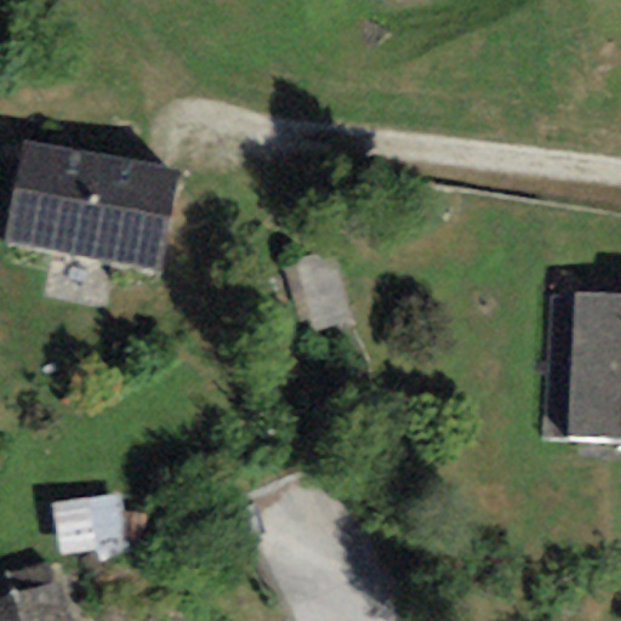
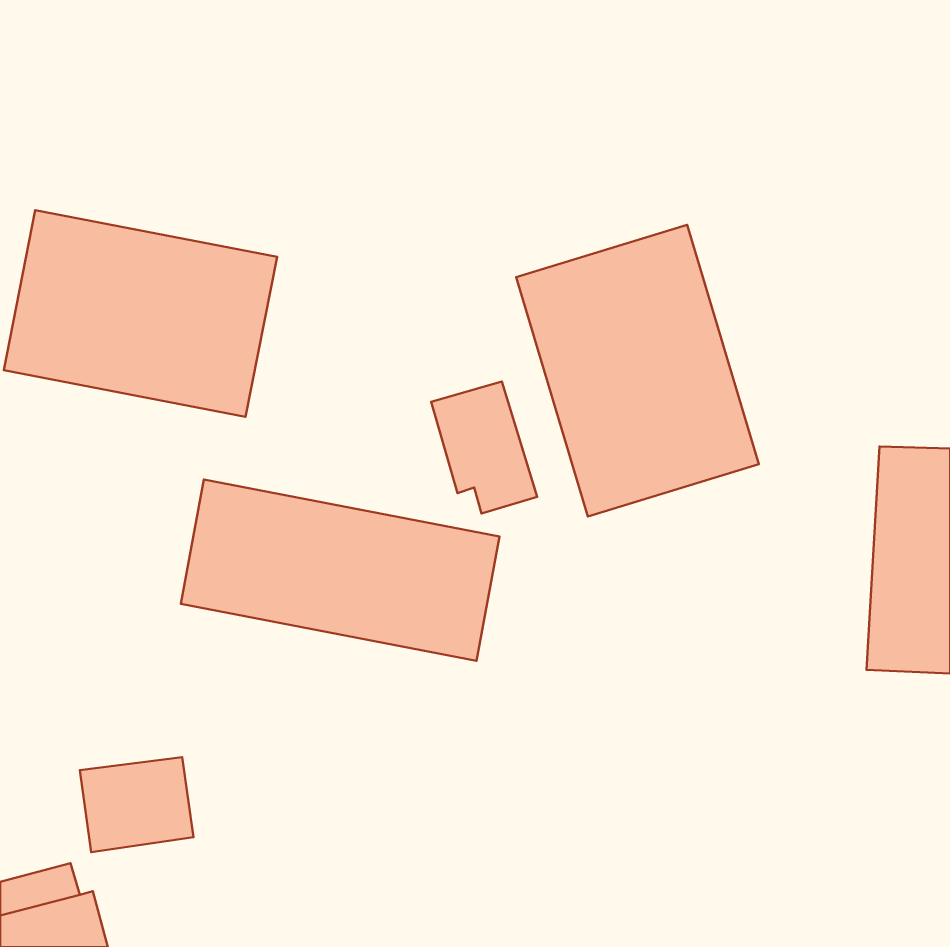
building: none -> [516,225,759,517]
building: none -> [181,480,499,661]

